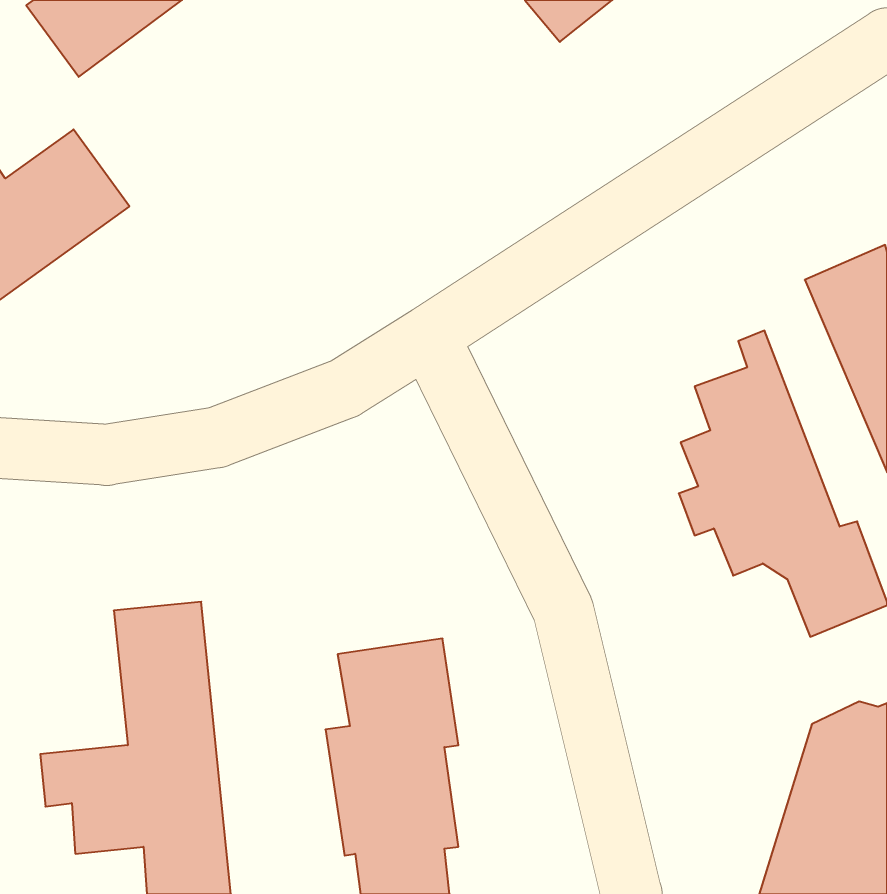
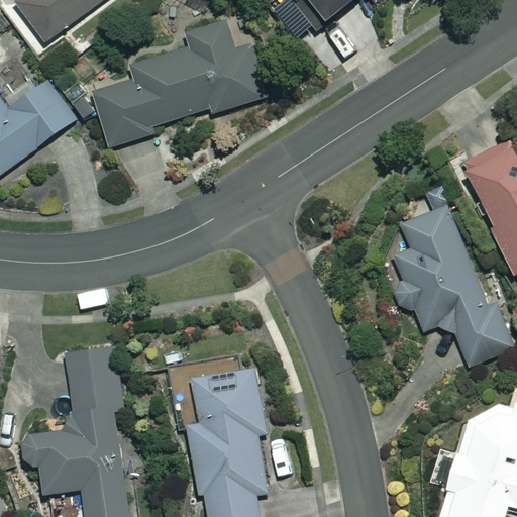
building: none -> [92,19,266,147]

